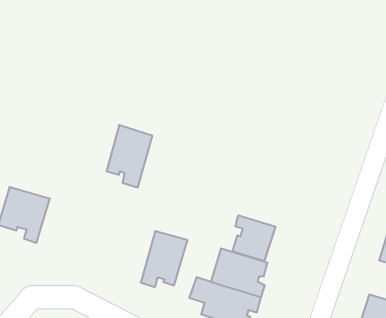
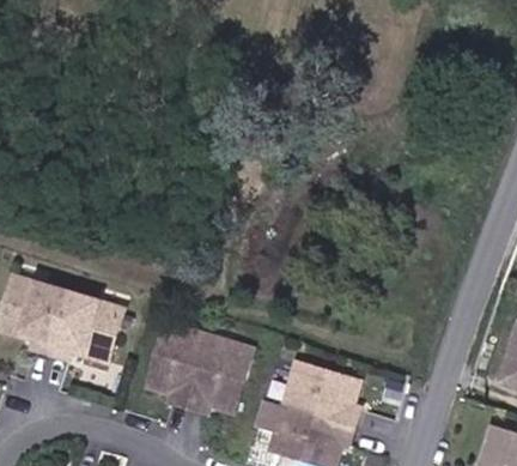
building: [106,125,152,187] -> [147,325,208,407]
building: none -> [50,296,123,363]
building: [232,215,275,261] -> none

